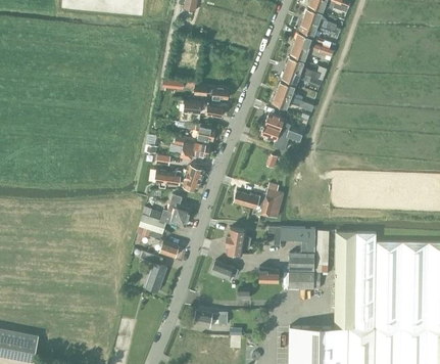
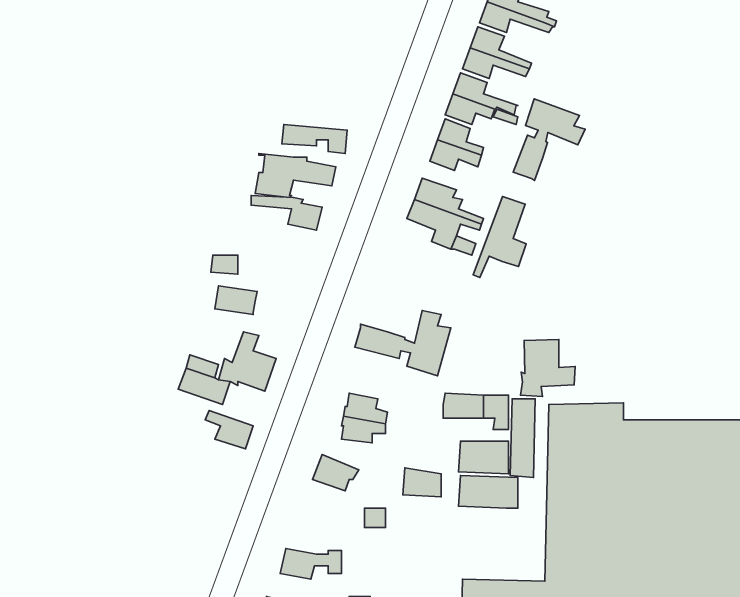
building: none -> [513,99,585,181]
building: none -> [473,196,526,278]
building: [173,136,209,156] -> none
building: [179,165,203,190] -> none
building: none -> [521,340,575,396]
building: [141,251,167,291] -> none

